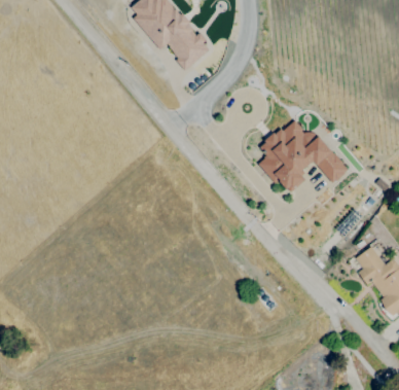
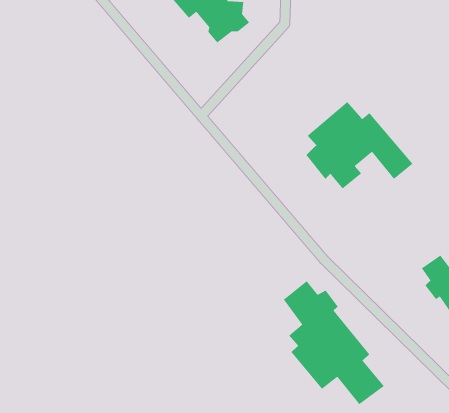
building: none -> [283,280,385,405]

